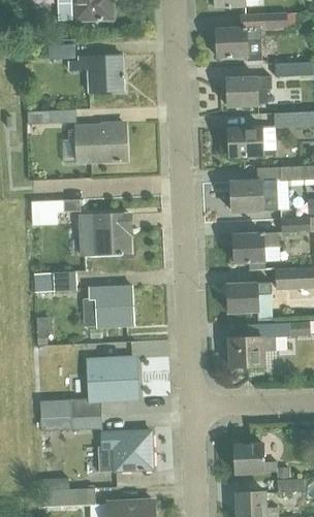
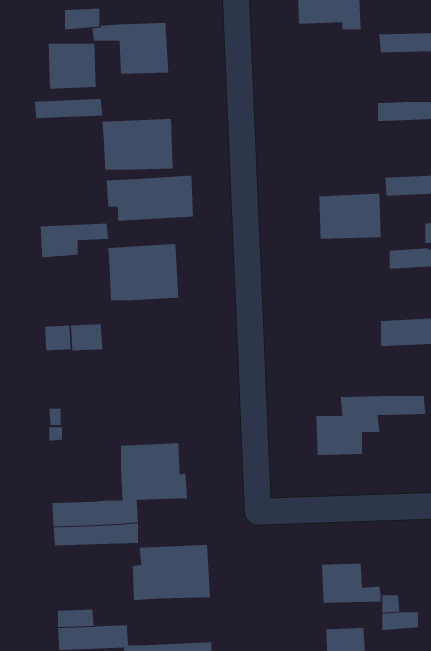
building: none -> [48,43,96,89]
building: [225,75,271,106] -> none
building: [227,125,274,157] -> none
building: none -> [106,175,194,221]
building: [232,230,278,262] -> none
building: [226,281,273,320] -> none
building: [82,285,133,326] -> none

